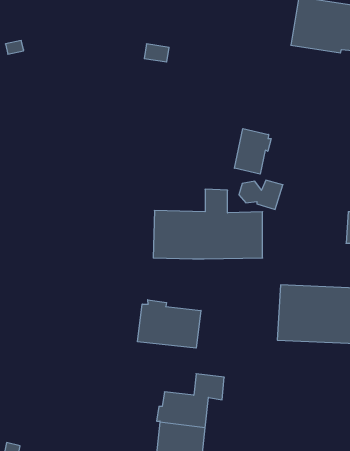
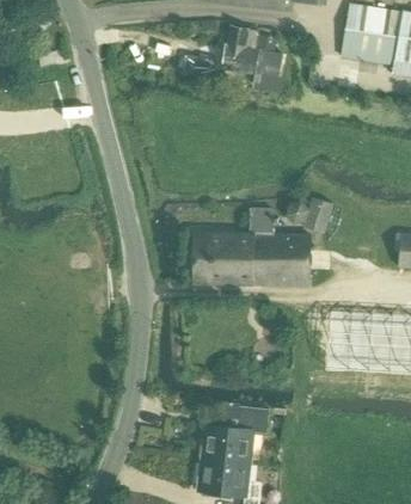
building: none -> [221,25,281,80]
building: [234,129,271,174] -> none
building: [138,300,201,348] -> none

